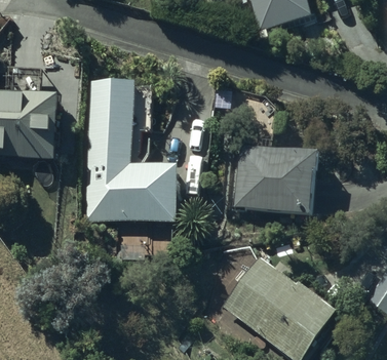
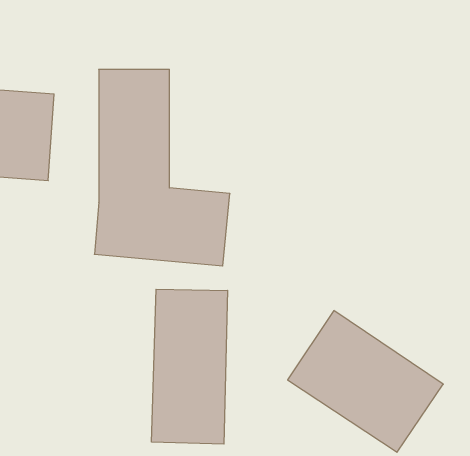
building: [232,139,317,210] -> none
building: none -> [152,289,228,444]

